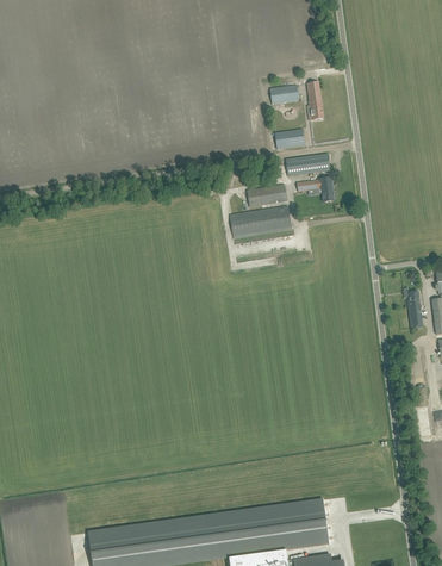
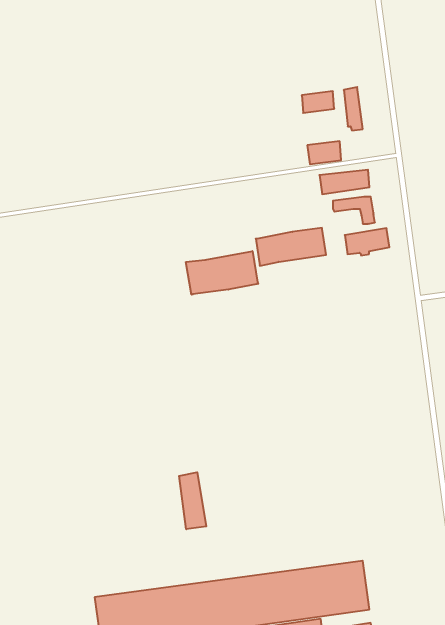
building: [247,184,286,207] -> [345,228,389,255]
building: none -> [186,251,258,295]
building: none -> [179,472,206,529]

